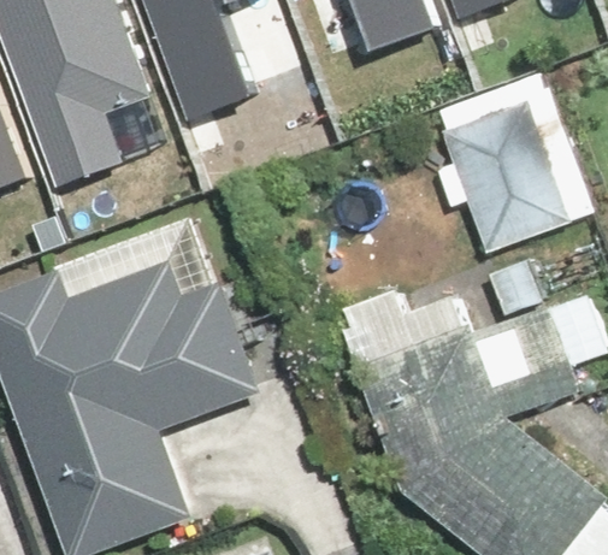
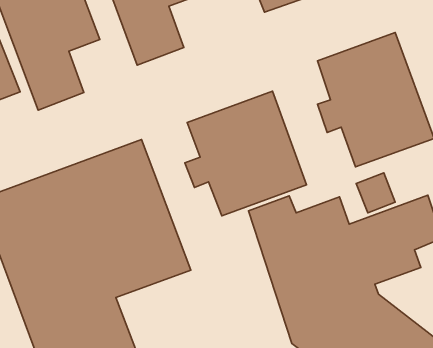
building: none -> [185,91,306,216]

